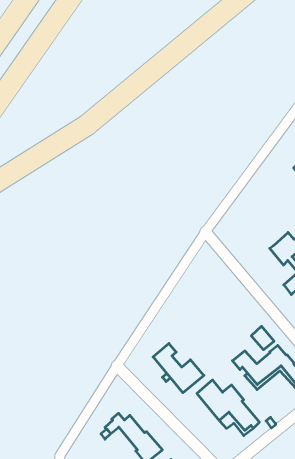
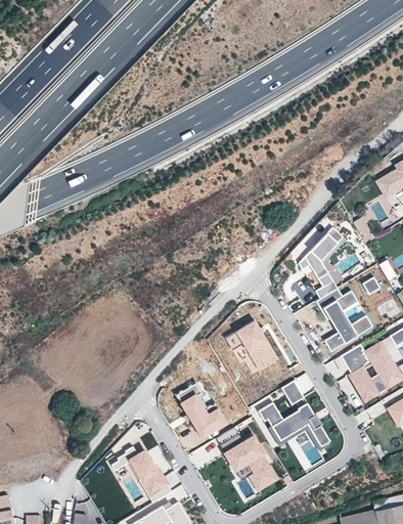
building: none -> [305,228,343,300]
building: none -> [226,320,279,370]

